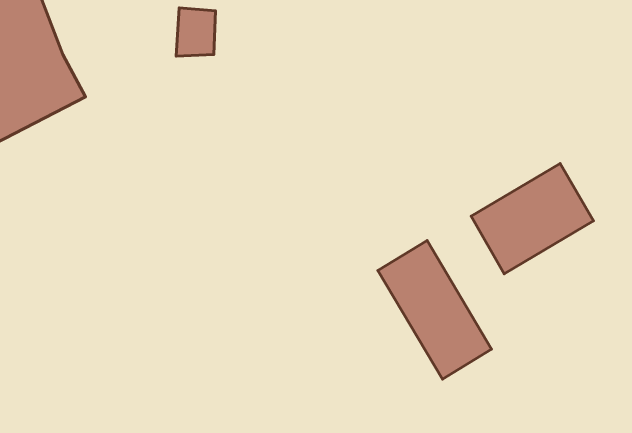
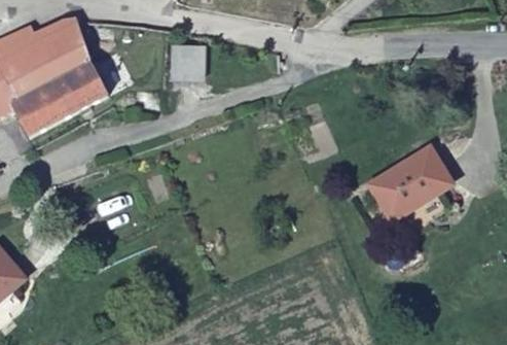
building: [378,240,492,379] -> none

